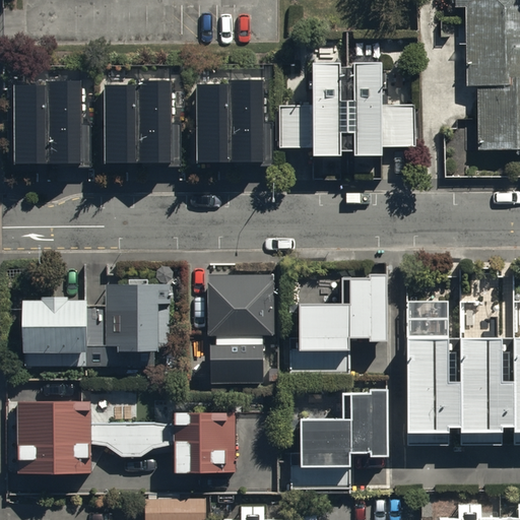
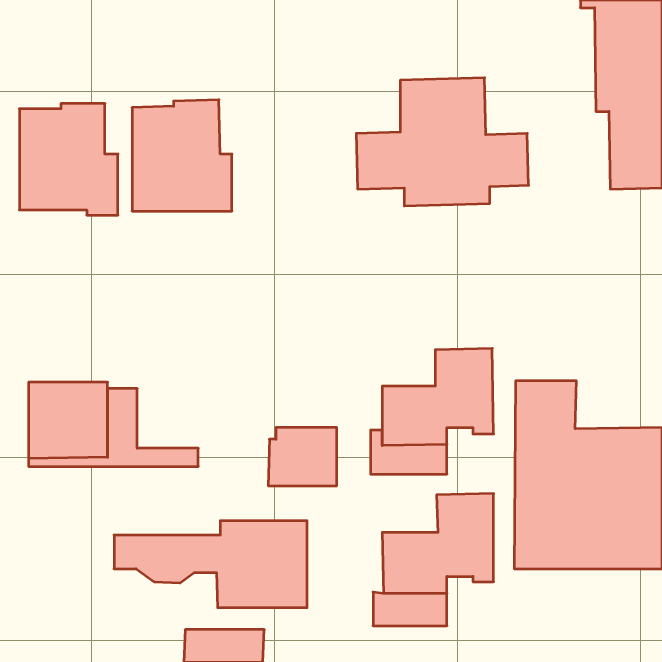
building: [196,77,273,166] -> none
building: [210,275,274,335] -> none
building: [108,283,172,351] -> none
building: [17,399,91,469] -> none

